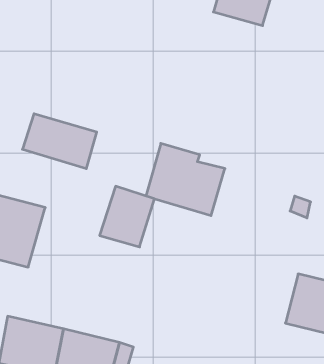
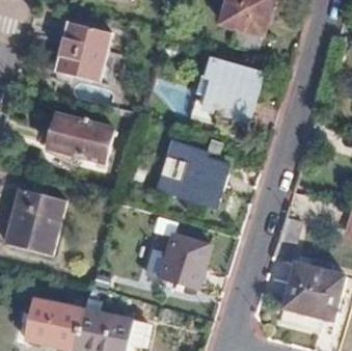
building: none -> [55,23,111,82]
building: none -> [199,59,259,131]
building: [100,186,154,247] -> [162,230,212,285]

